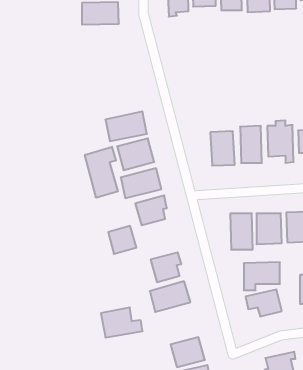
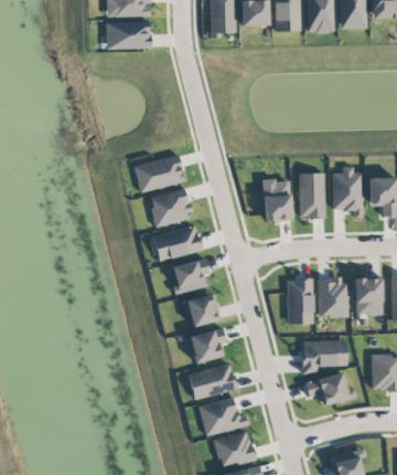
building: [85,147,118,198] -> none
building: [108,226,136,254] -> [187,293,222,327]
building: [101,308,143,337] -> [200,398,250,434]

